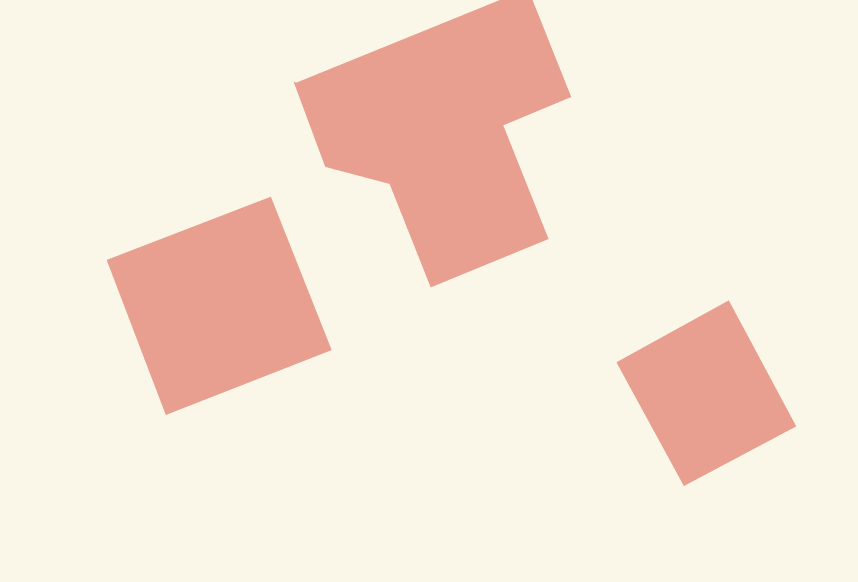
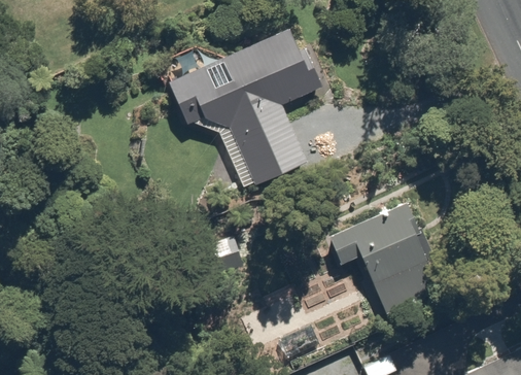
building: [106,196,332,416] -> none

